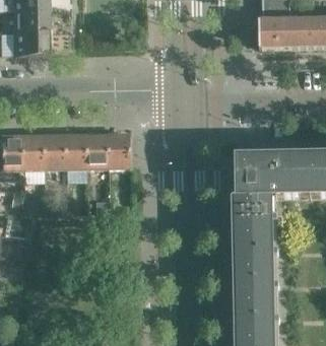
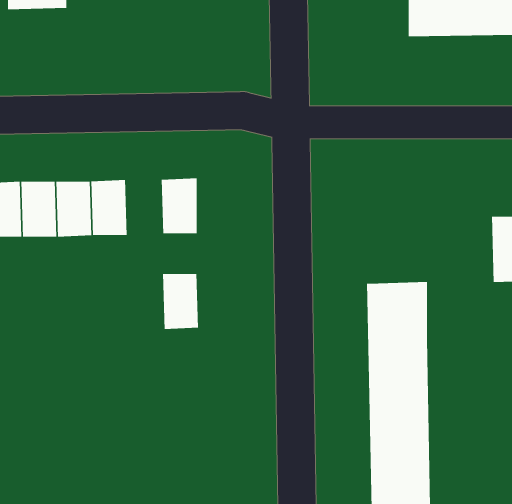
building: [14,28,51,53] -> none
building: [86,132,109,166] -> [162,273,199,330]
building: [239,154,310,195] -> none

